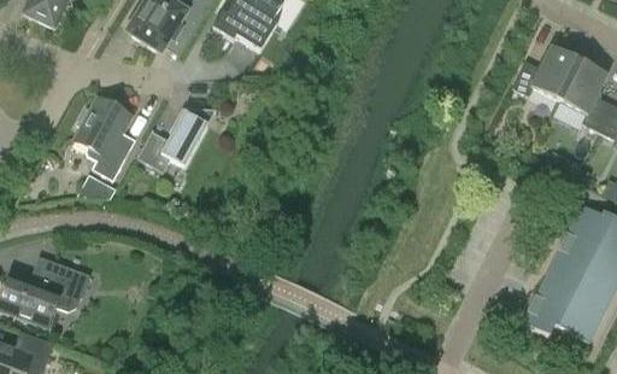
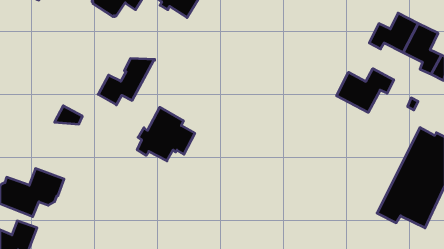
building: [75,97,134,180] -> none
building: none -> [337,69,394,112]
building: none -> [137,107,195,161]

